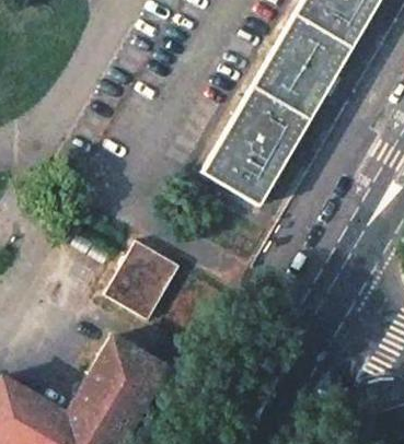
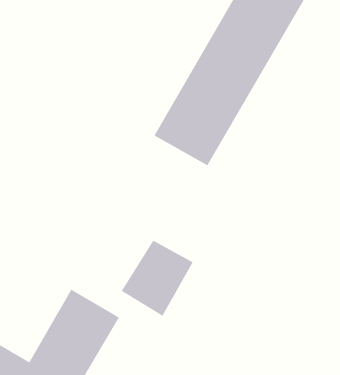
building: [106,239,184,322] -> [121,240,194,317]

